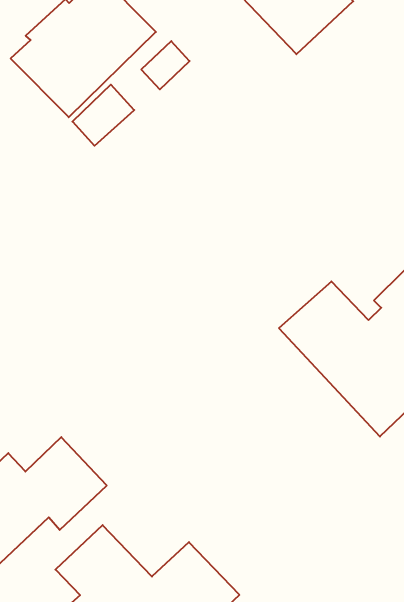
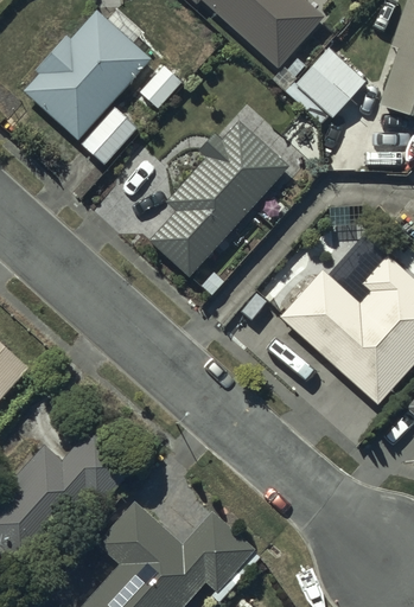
building: none -> [294,46,367,117]
building: none -> [152,121,287,275]

